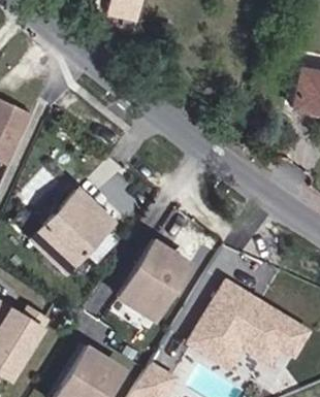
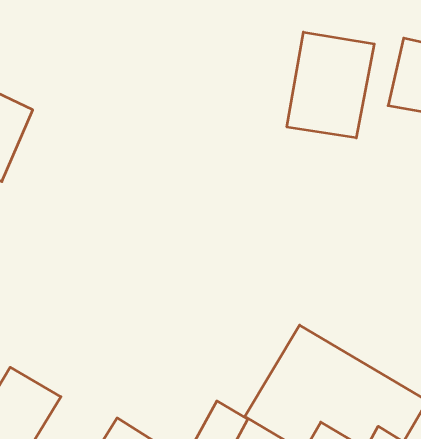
building: none -> [287,32,374,138]
building: [39,183,120,265] -> none
building: [118,237,196,324] -> none

